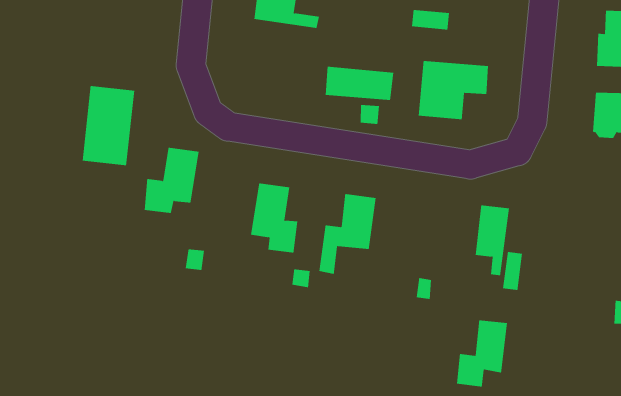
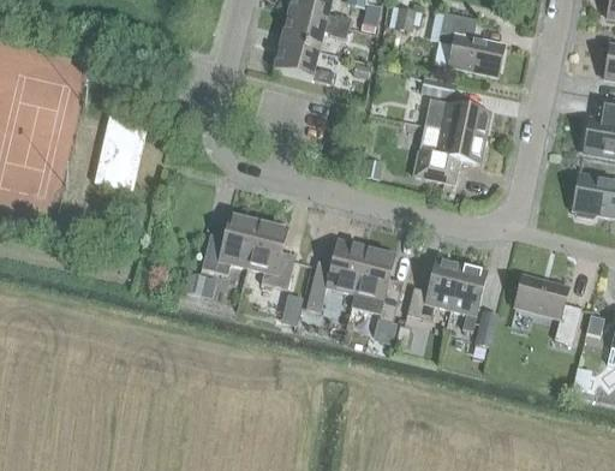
building: [325,66,394,100] -> [425,99,491,137]
building: [144,147,200,213] -> [203,213,261,274]
building: none -> [356,246,400,322]
building: none -> [515,276,581,344]
building: [456,320,508,387] -> [408,258,462,321]

